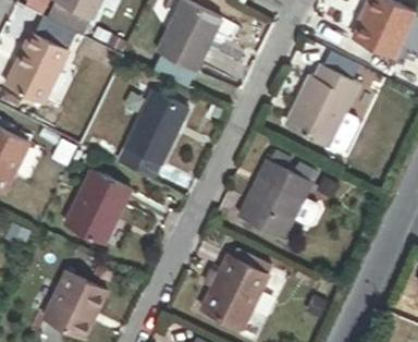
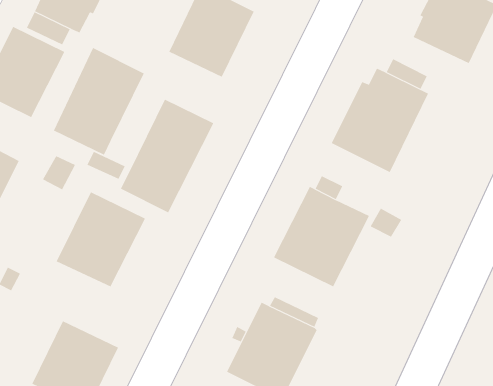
building: none -> [53,47,145,156]

